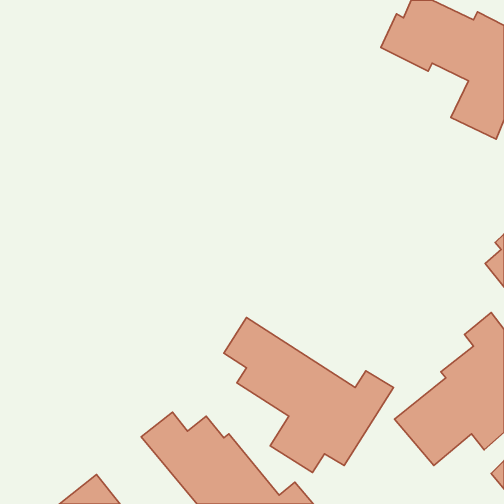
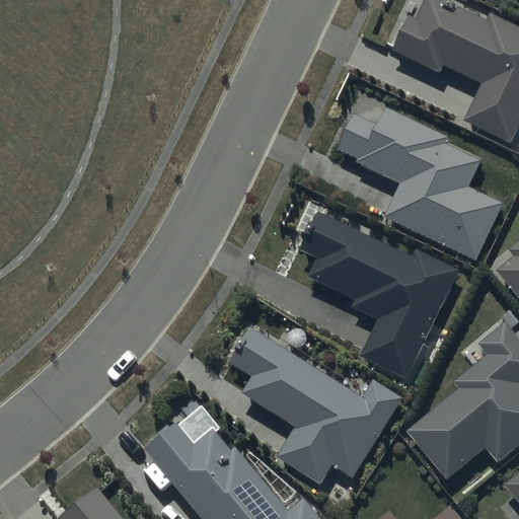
building: none -> [339,107,505,262]
building: none -> [301,212,459,380]

